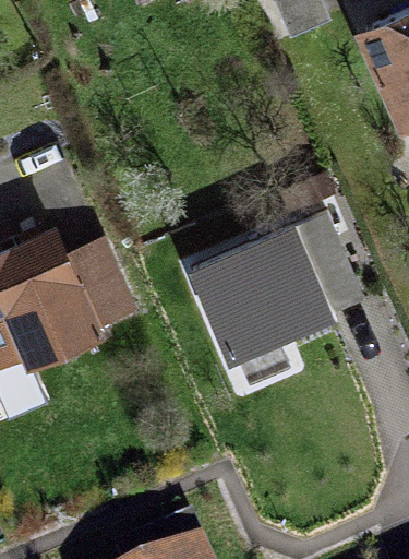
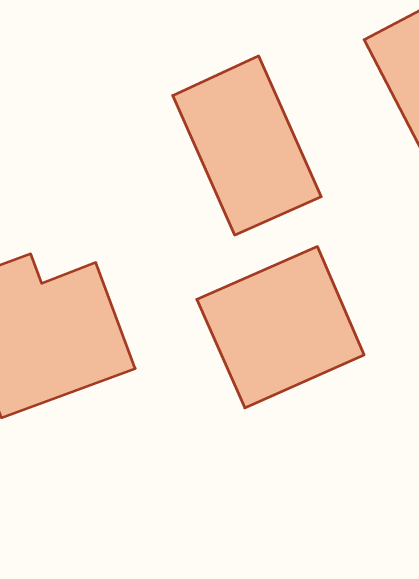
building: none -> [173,56,321,235]

